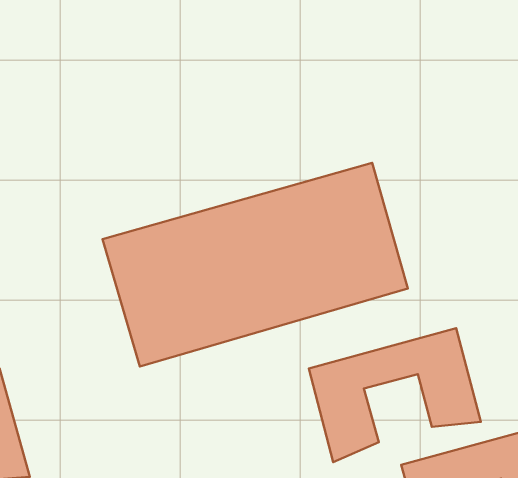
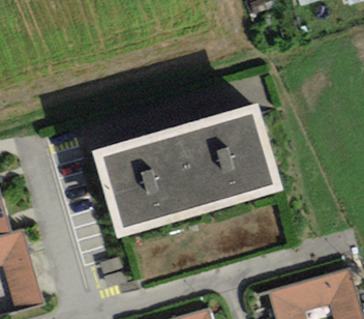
building: [309,328,481,462] -> none

